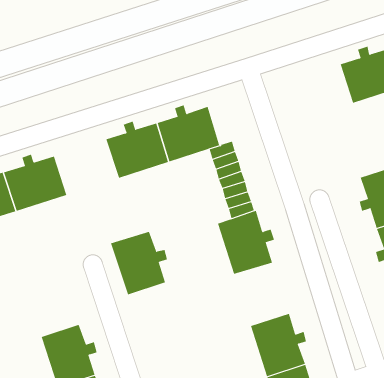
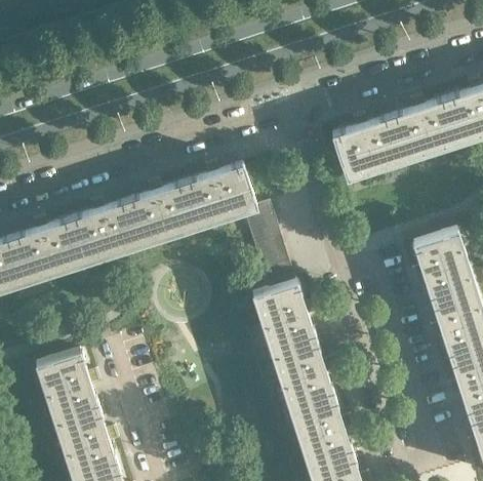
building: none -> [332,117,405,182]
building: none -> [71,201,143,266]
building: [110,231,168,295] -> [36,353,100,425]
building: none -> [272,342,336,412]

